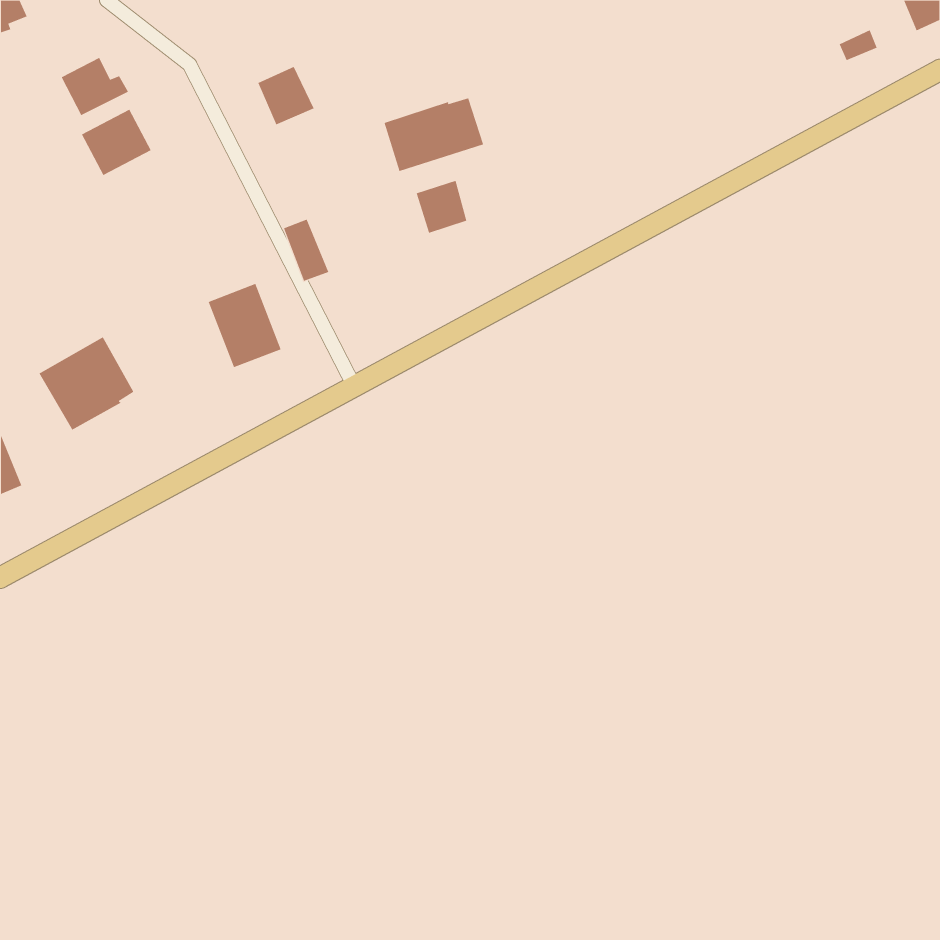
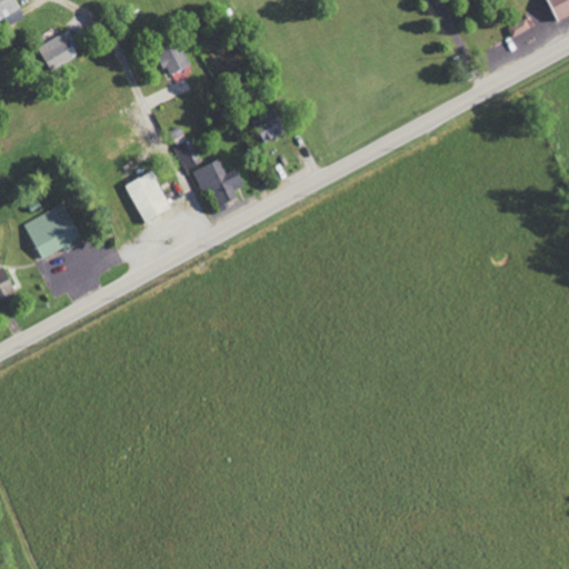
building: [384,98,484,172] -> none
building: [81,109,152,176] -> none
building: none -> [192,160,243,207]

